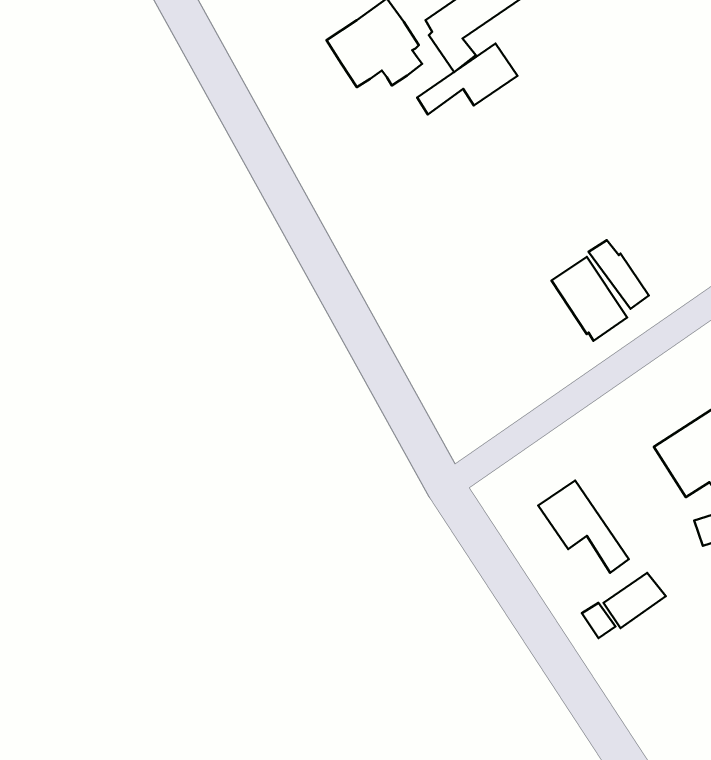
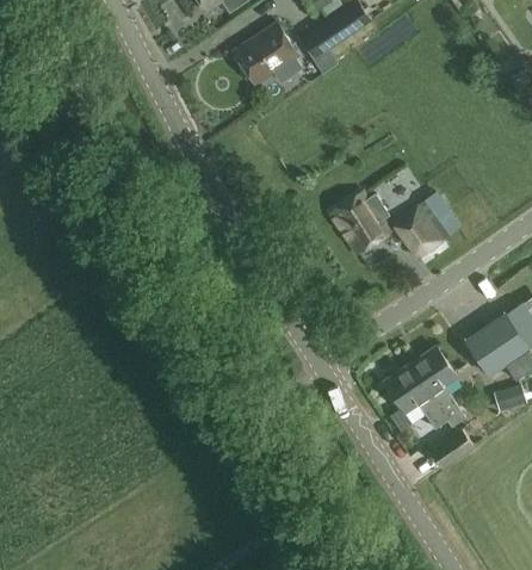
building: [417,44,518,115] -> none
building: none -> [330,192,391,254]
building: none -> [410,346,466,427]

